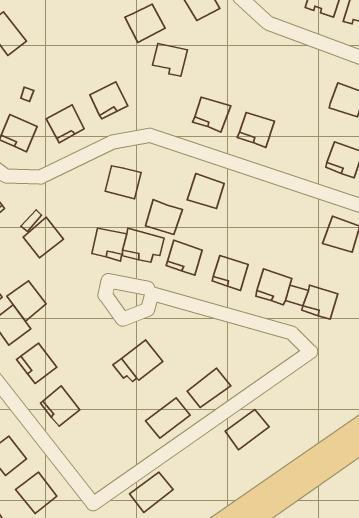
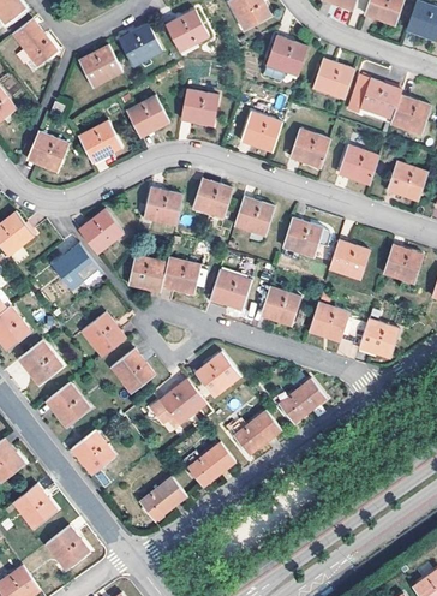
building: none -> [118,23,161,65]
building: none -> [265,36,306,74]
building: none -> [78,44,121,87]
building: [152,43,187,76] -> [181,89,220,125]
building: none -> [312,59,353,99]
building: none -> [348,76,400,119]
building: none -> [337,145,378,184]
building: none -> [78,209,122,252]
building: none -> [282,216,323,255]
building: [145,200,183,235] -> [192,178,233,216]
building: none -> [328,238,369,278]
building: [7,281,46,321] -> [82,312,125,357]
building: none -> [109,350,154,393]
building: none -> [198,350,243,394]
building: [225,409,269,450] -> [279,379,327,423]
building: [129,472,173,513] -> [139,476,187,520]

